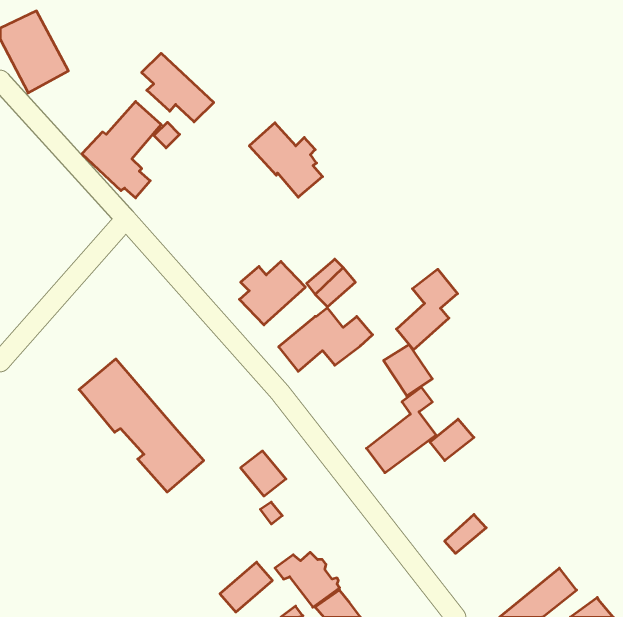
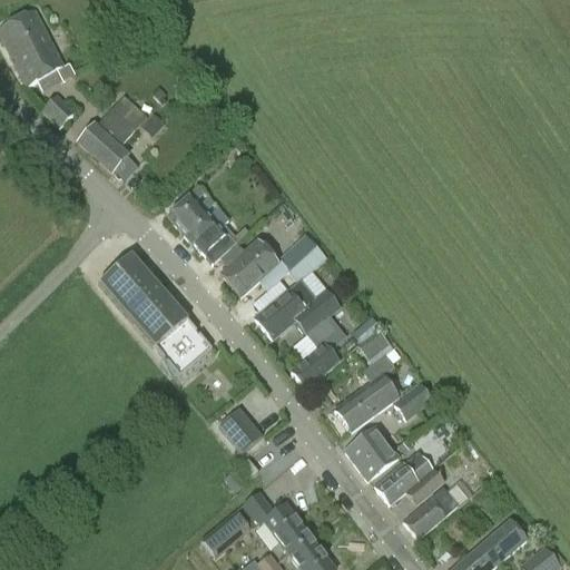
building: [142,53,214,122] -> none
building: none -> [41,91,77,127]
building: [249,123,323,197] -> [168,195,235,263]
building: [396,269,458,350] -> [292,315,347,389]
building: [79,359,204,492] -> [99,254,213,375]
building: none -> [344,429,399,479]
building: none -> [375,450,432,502]
building: none -> [404,485,458,537]

